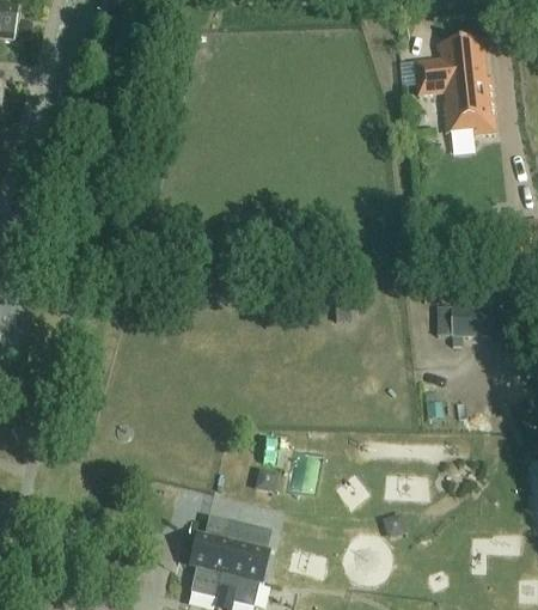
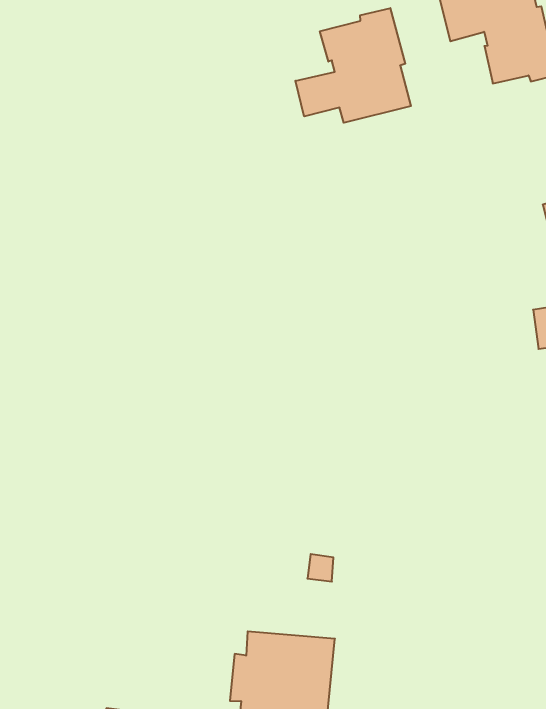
building: none -> [295,8,411,123]

